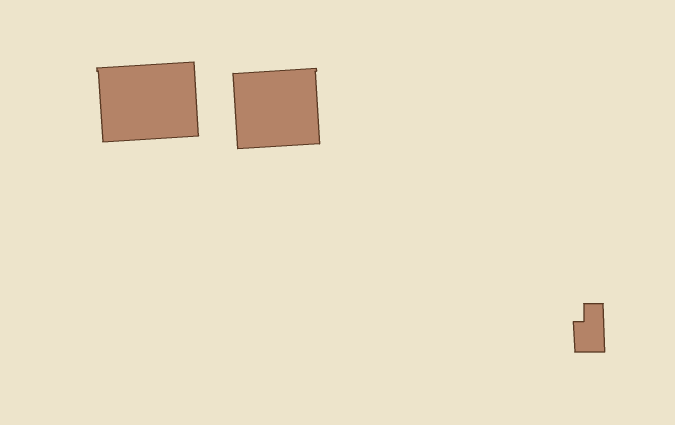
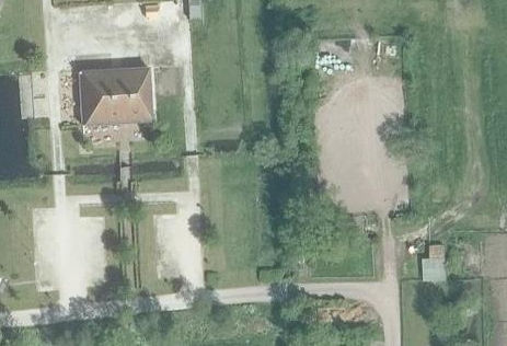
building: [233,68,319,149] -> none

